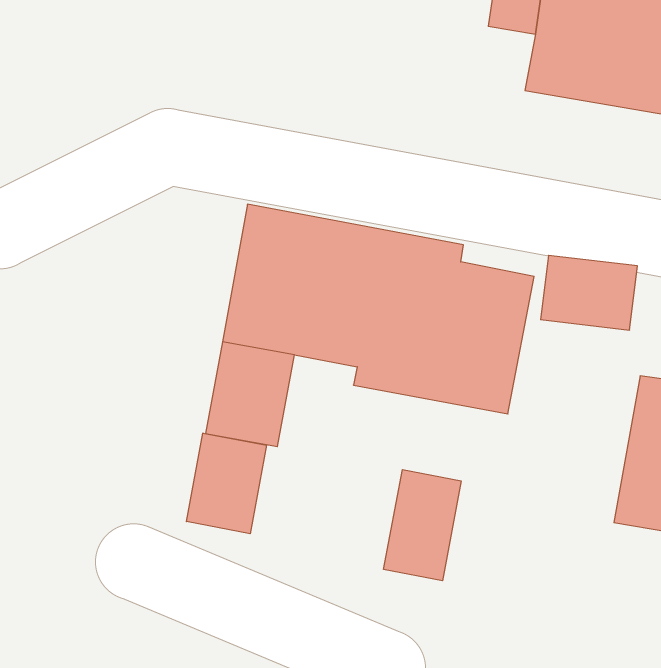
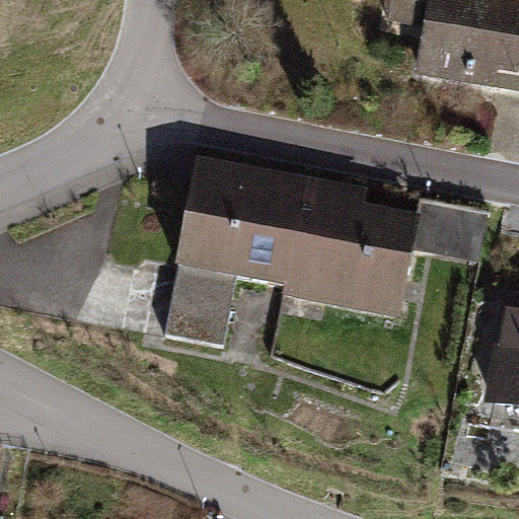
building: [186,433,267,534] -> none
building: [384,470,461,581] -> none

